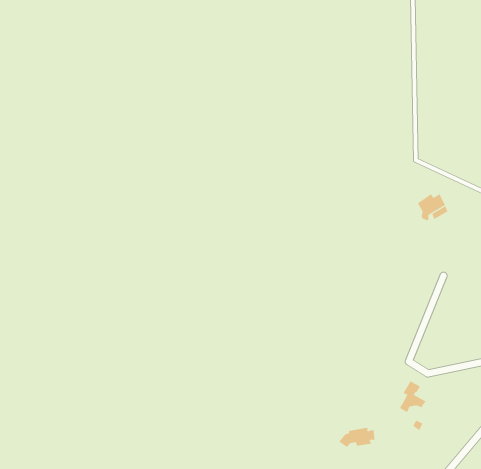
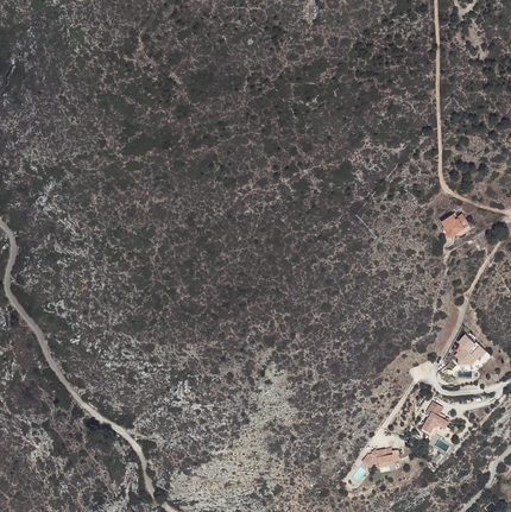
building: none -> [455,335,486,365]

